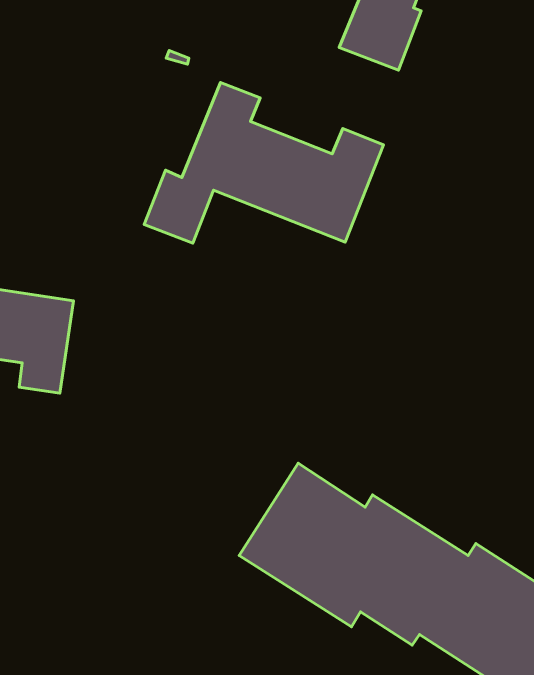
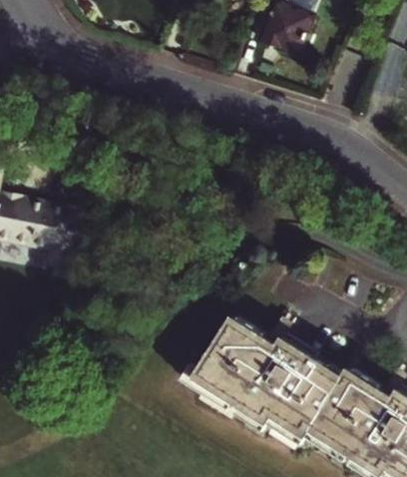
building: [144,83,384,243] -> none

